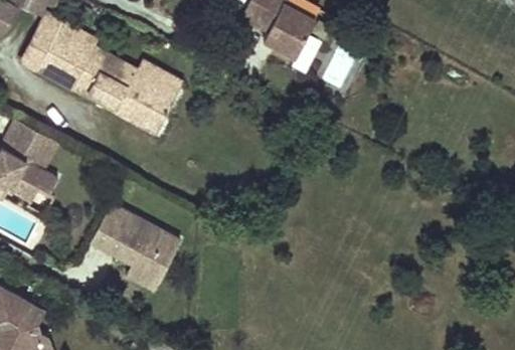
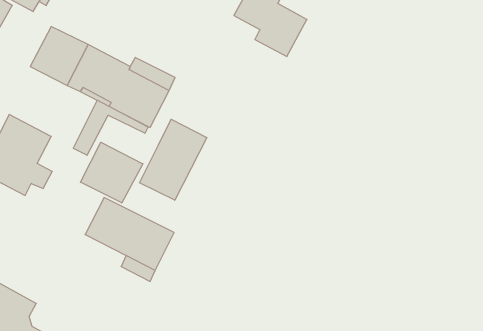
building: [20,15,96,70] -> [73,100,148,155]
building: none -> [140,119,207,200]
building: none -> [80,142,143,203]

